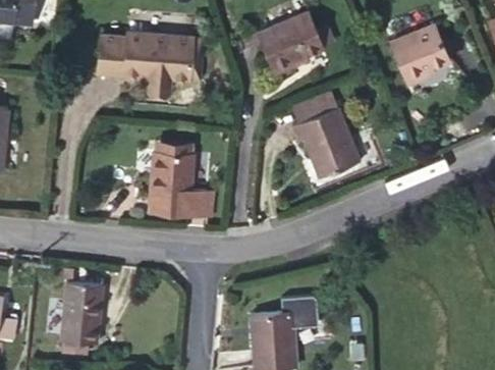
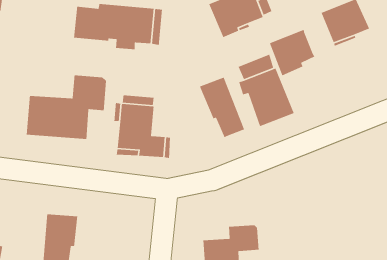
building: none -> [269,29,315,76]
building: none -> [26,75,107,140]
building: none -> [199,76,245,139]

